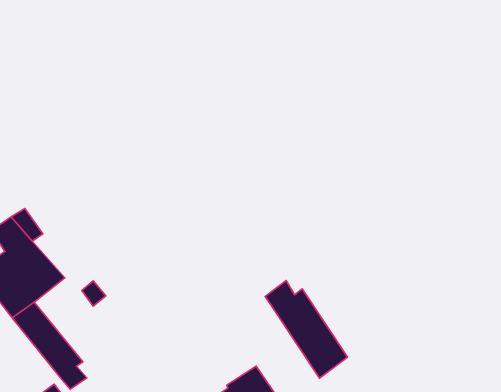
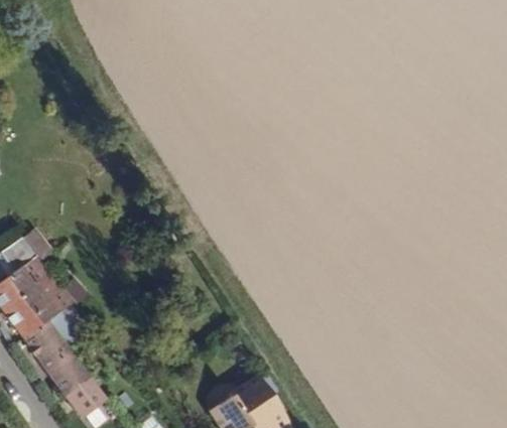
building: [265,280,348,378] -> none

